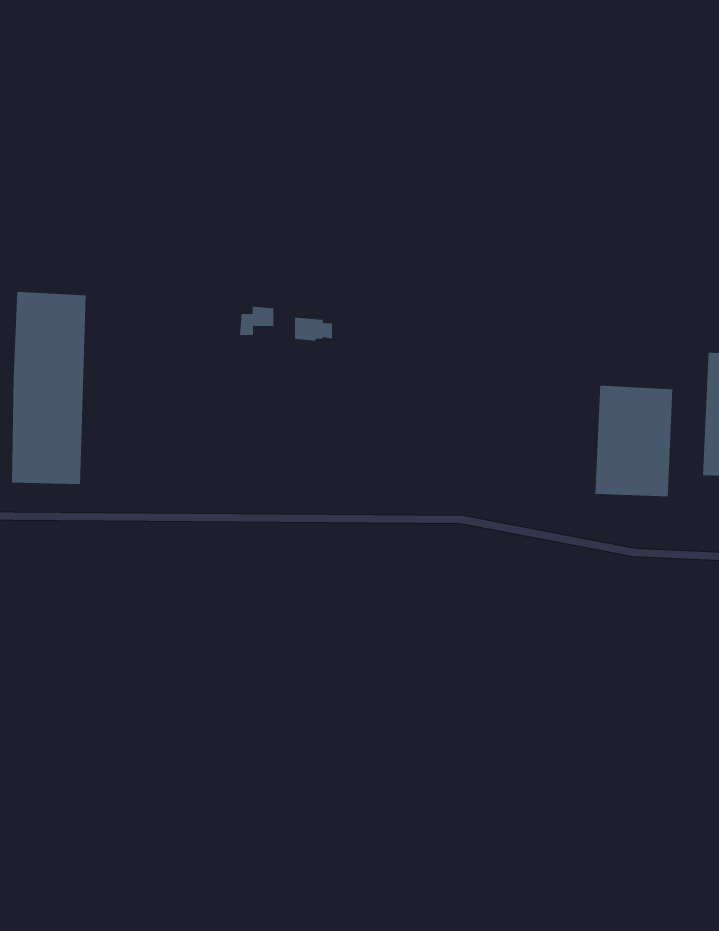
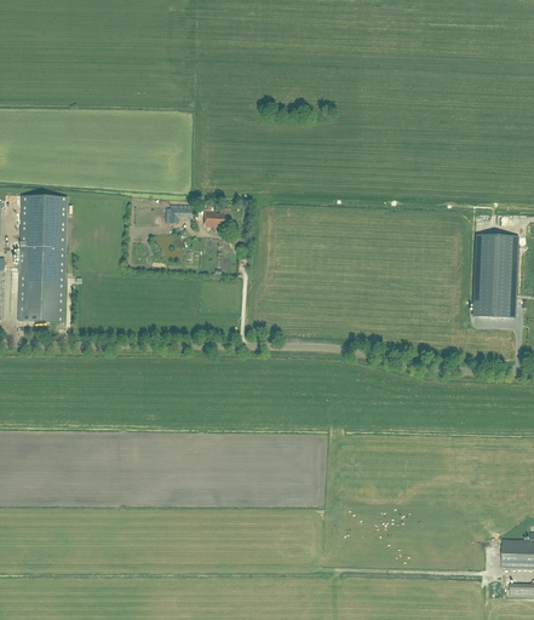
building: [595,385,673,497] -> none

